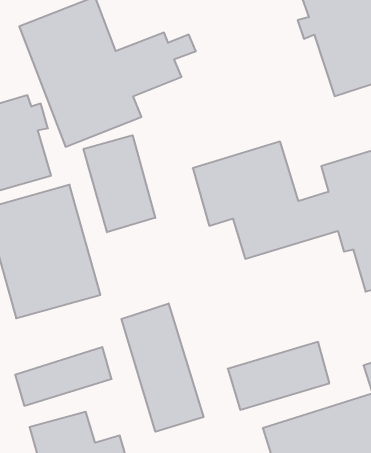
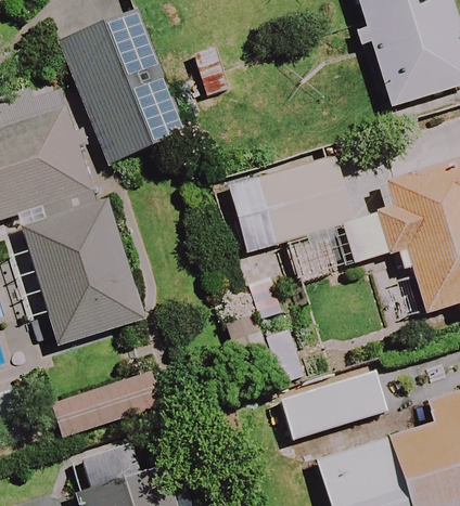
building: [84,135,155,232] -> none
building: [121,303,203,432] -> none

